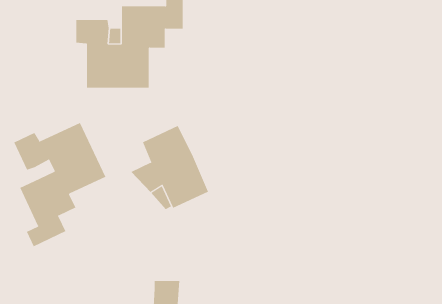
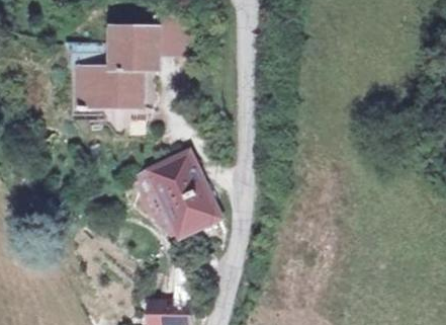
building: [13,122,106,247] -> none

